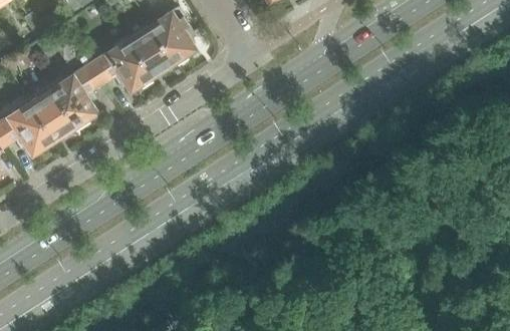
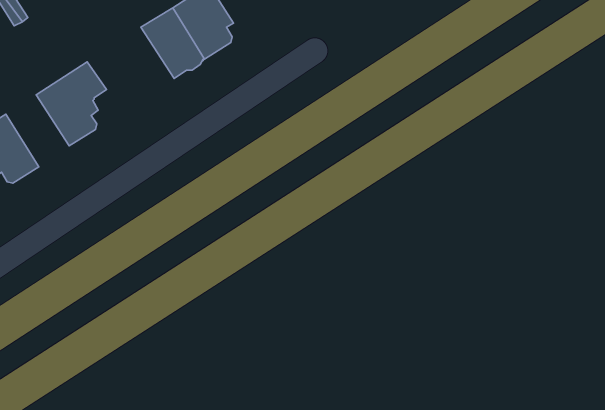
building: [87,40,151,89] -> none
building: [28,89,74,141] -> none

